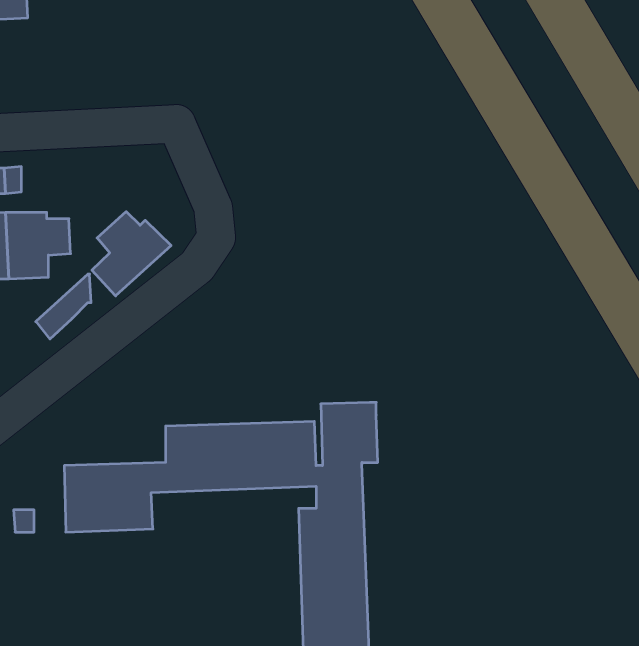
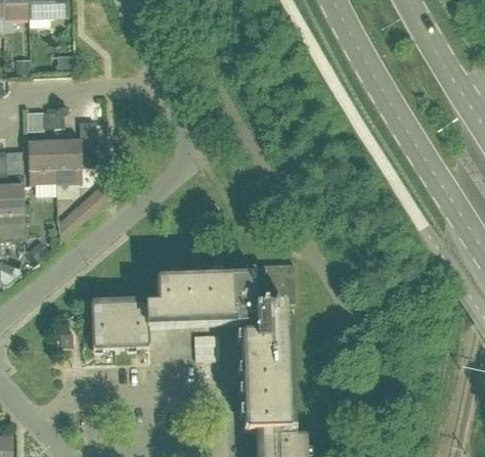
building: [92,212,171,296] -> none

